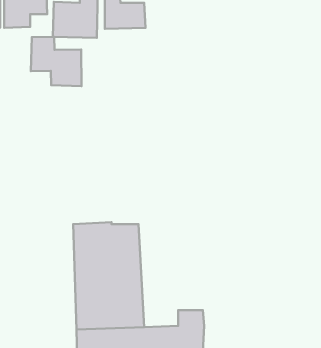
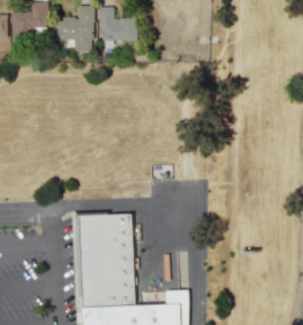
building: [31,37,82,86] -> none

